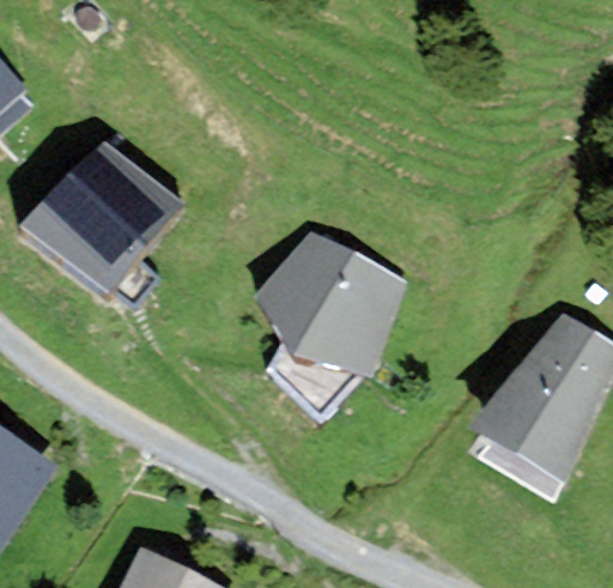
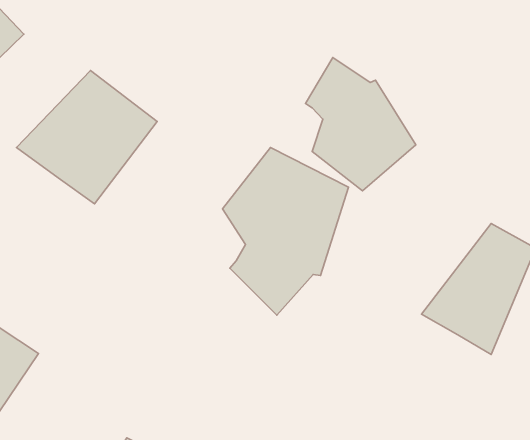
building: none -> [306,57,416,191]

